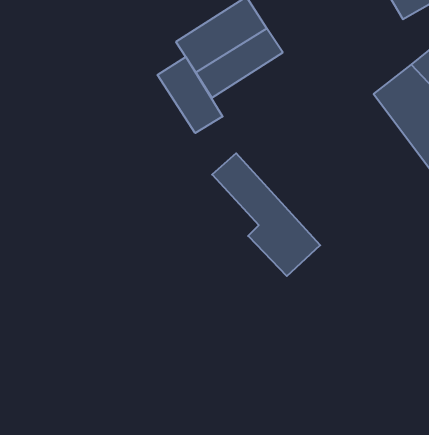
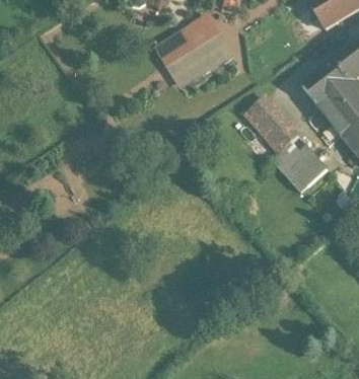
building: [158,57,223,133] -> none
building: [212,153,320,276] -> [245,97,328,191]

